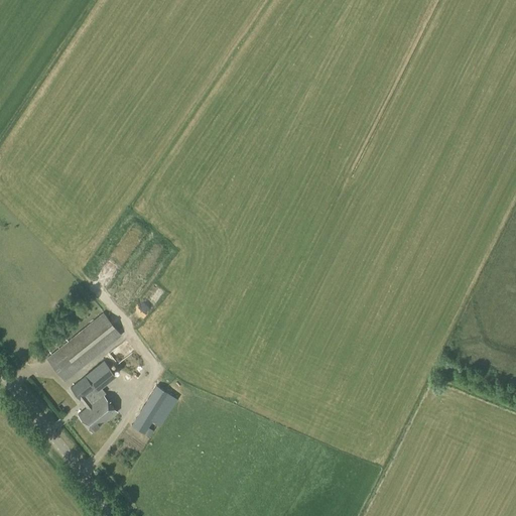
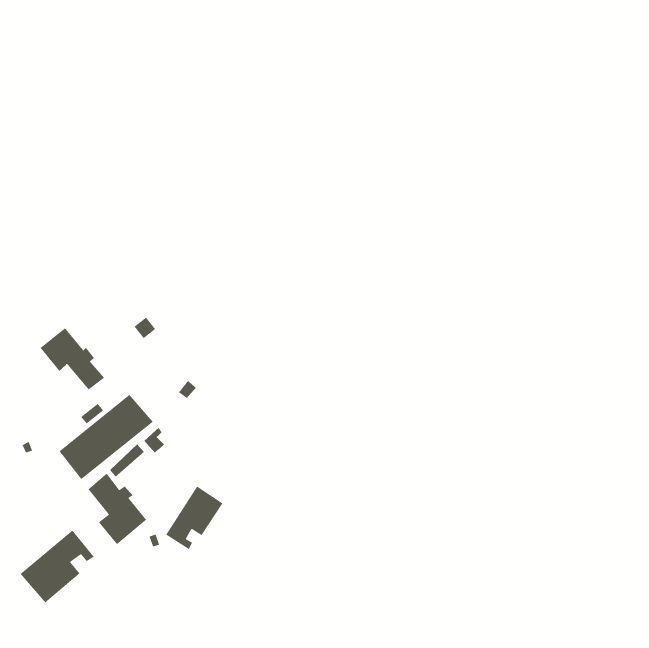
building: none -> [40,327,105,391]
building: none -> [19,530,95,604]

